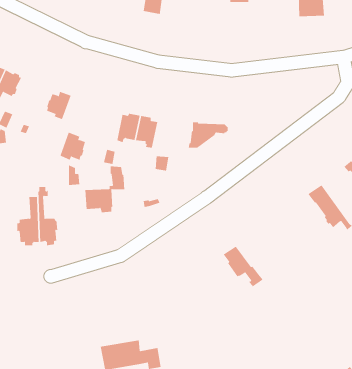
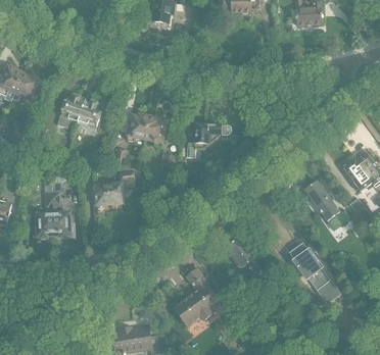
building: [59,132,86,160] -> [77,98,101,124]
building: none -> [289,242,335,297]
building: none -> [173,267,219,326]

